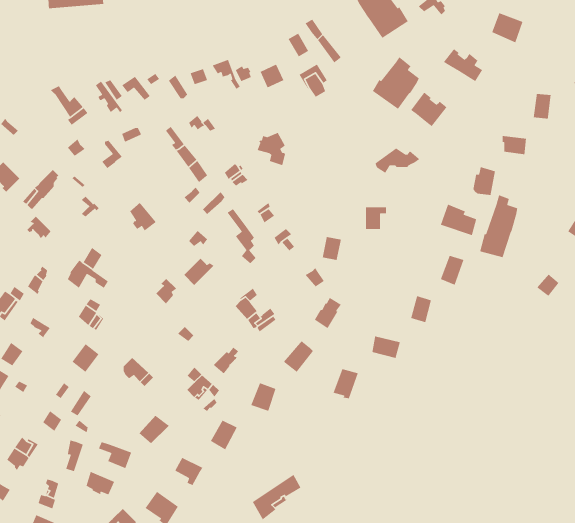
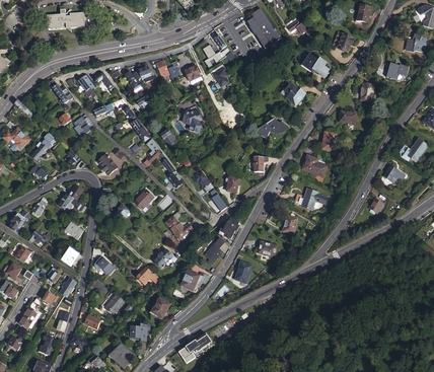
building: [372,56,420,110] -> none
building: [479,194,518,258] -> none

